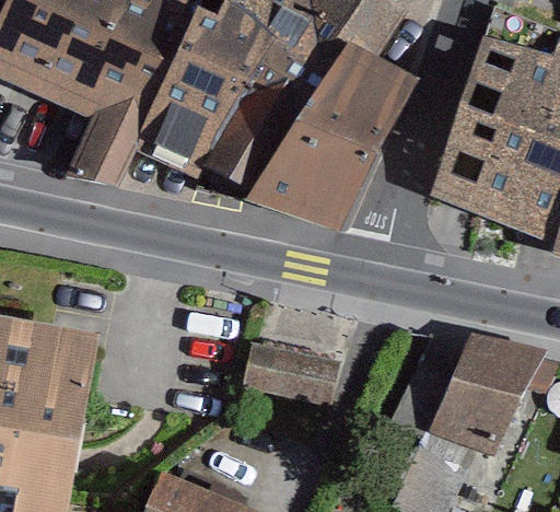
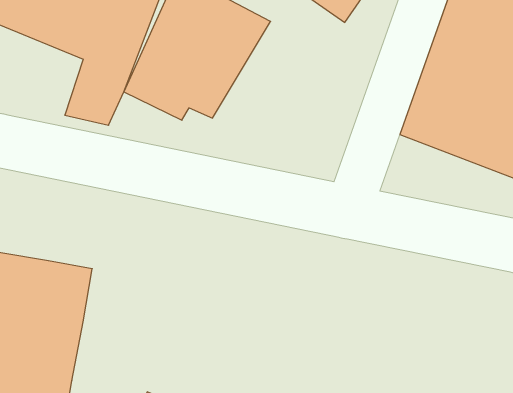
building: [245,68,410,228] -> none
building: [428,333,546,457] -> none
building: [241,340,340,404] -> none

